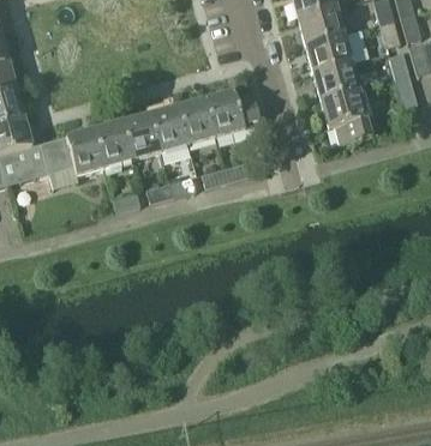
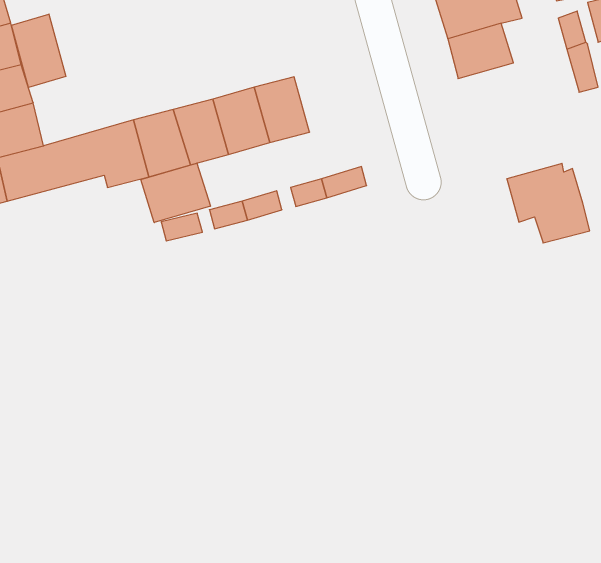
building: none -> [11,14,66,88]
building: [321,89,378,144] -> [507,163,590,243]
building: [206,90,262,137] -> none
building: none -> [141,163,210,223]

